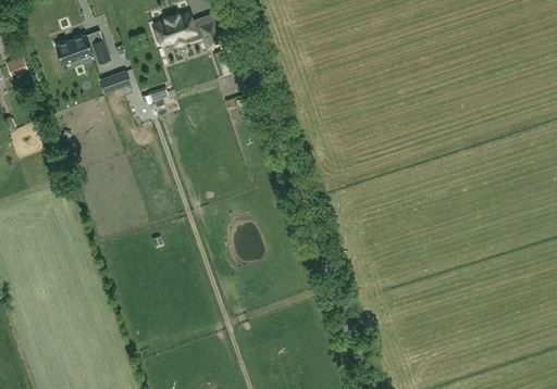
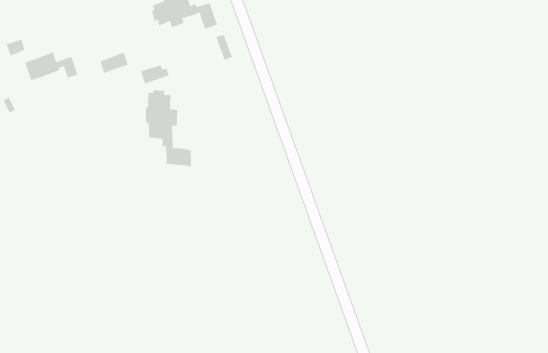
building: [55,35,110,64] -> [24,52,78,81]
building: none -> [145,89,192,167]

